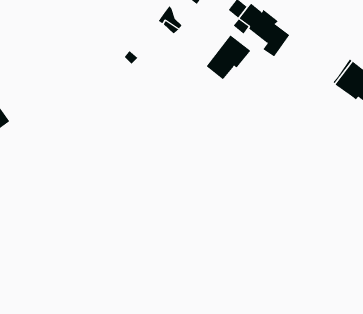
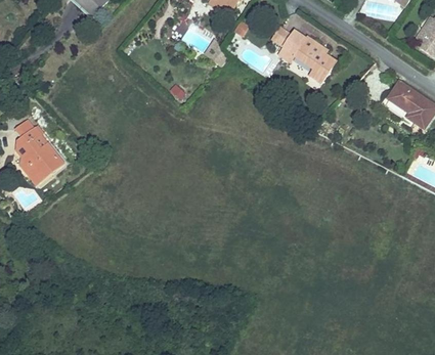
building: [206,35,251,80] -> none

